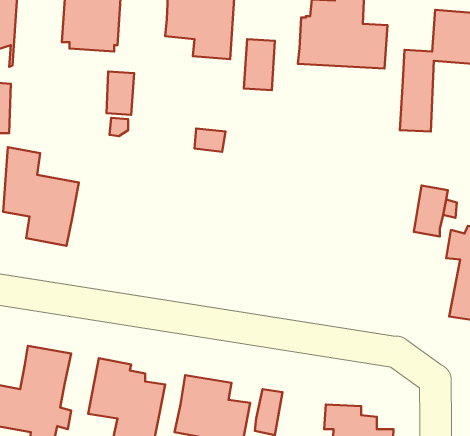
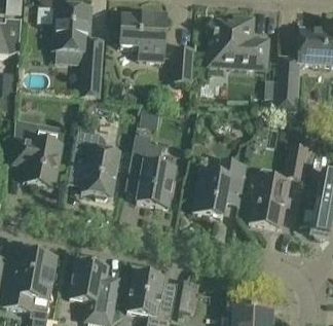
building: none -> [69,125,119,196]
building: none -> [127,134,175,207]
building: none -> [191,160,246,216]
building: none -> [248,167,289,227]

